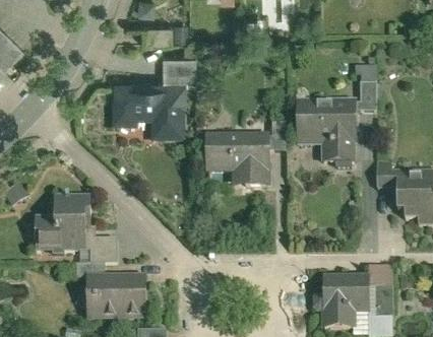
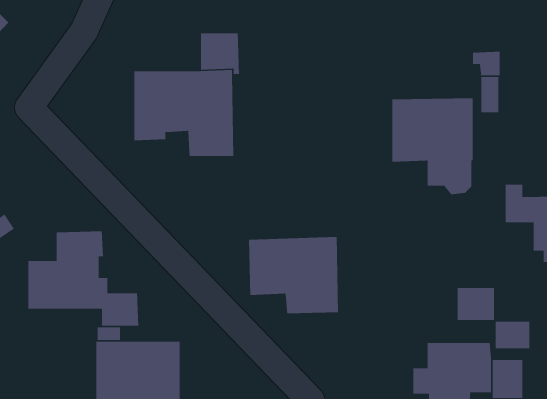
building: [204,132,269,188] -> [248,236,339,314]
building: none -> [457,287,495,321]

